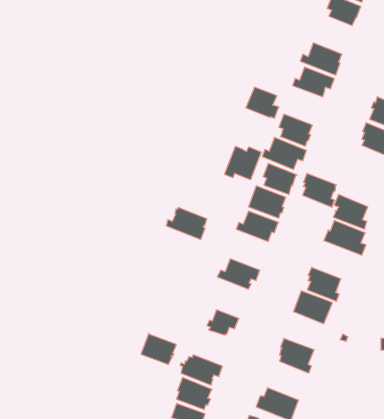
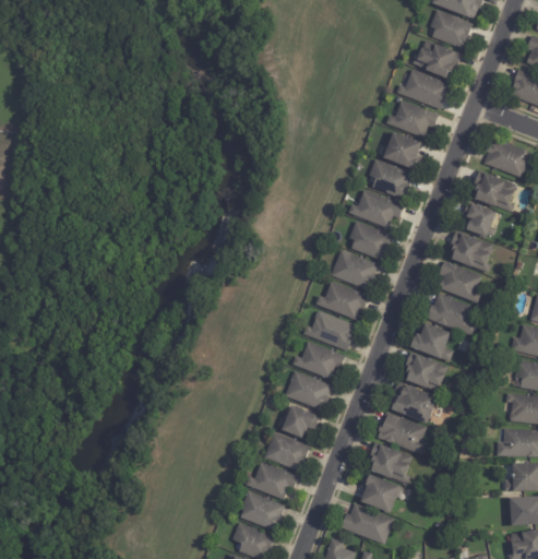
building: none -> [416,39,463,76]
building: [246,87,279,118] -> [382,130,423,169]
building: [224,146,261,180] -> none
building: none -> [466,202,495,237]
building: [303,173,336,207] -> [451,230,493,273]
building: [166,208,207,240] -> [303,310,355,350]
building: none -> [409,322,453,360]
building: none -> [285,370,331,411]
building: none -> [376,412,428,455]
building: [141,333,176,364] -> [264,431,309,471]
building: none -> [360,473,399,513]

